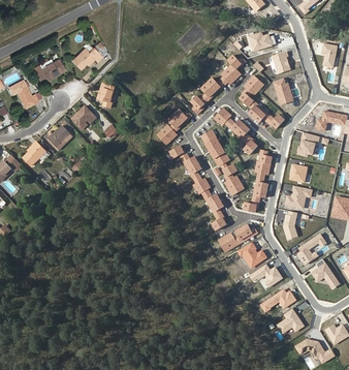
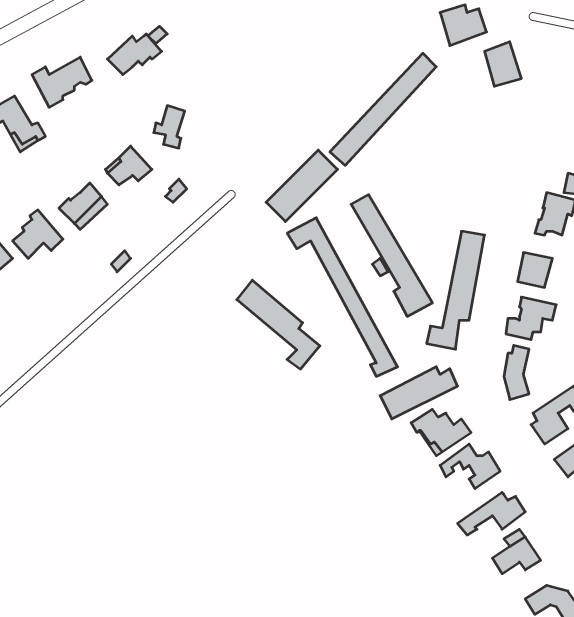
building: [237,75,285,129] -> none
building: [273,76,294,105] -> none
building: [215,107,259,155] -> [237,280,320,369]

